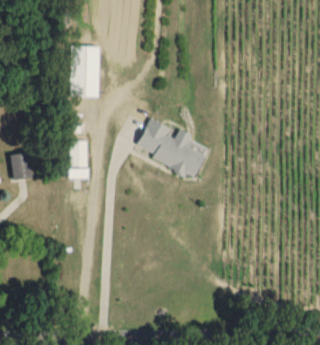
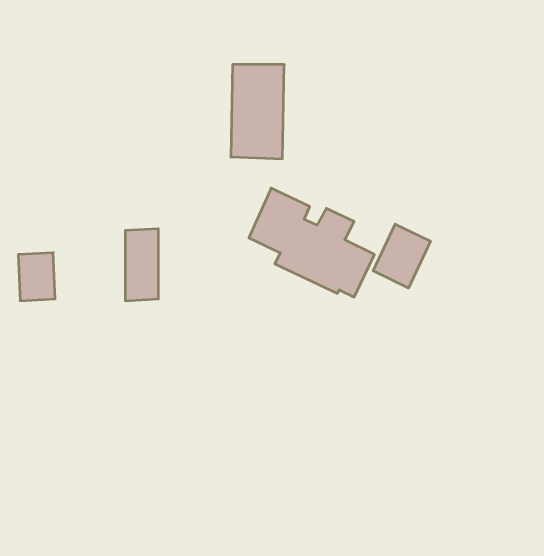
building: [70,46,99,97] -> [231,65,284,159]
building: none -> [373,224,430,288]

